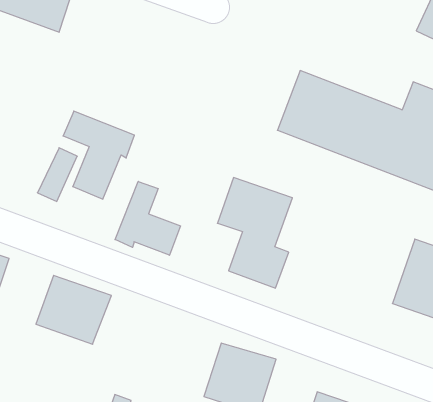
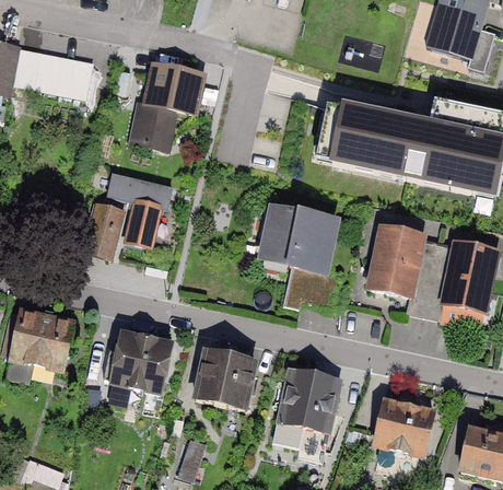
building: none -> [139,65,202,151]
building: [115,181,181,255] -> none
building: none -> [369,224,431,299]
building: none -> [197,351,261,410]

